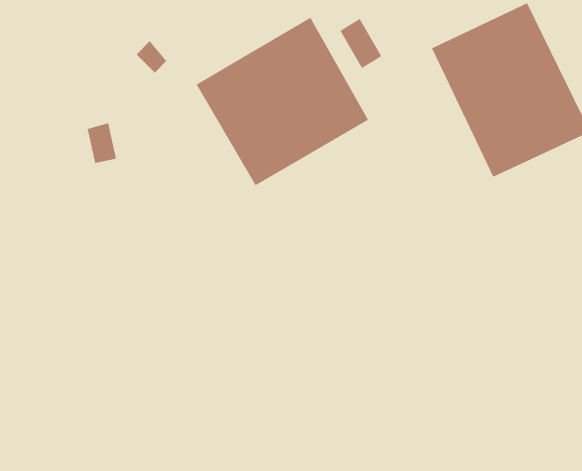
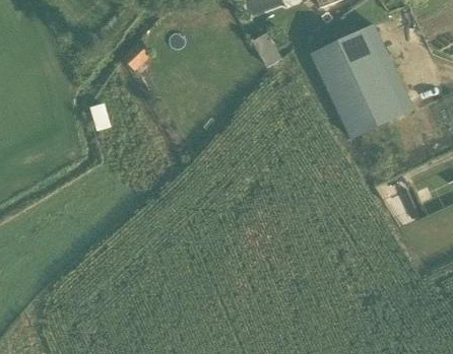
building: [196,17,369,186] -> none

